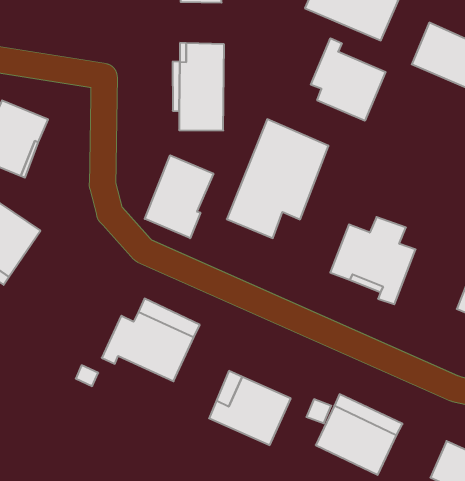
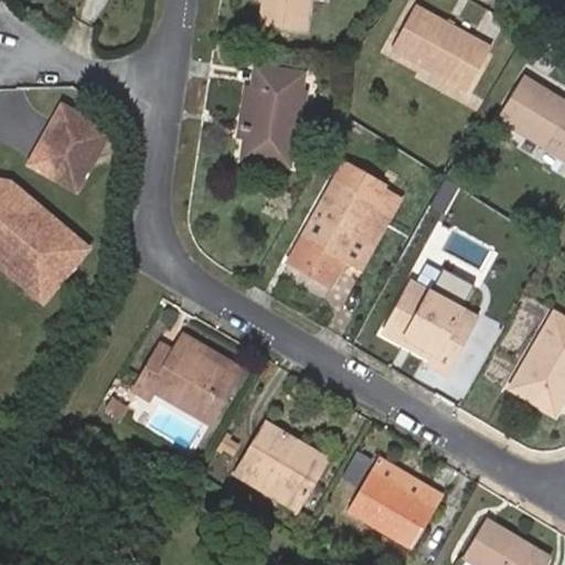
building: [311,38,386,121] -> none
building: [145,155,213,238] -> none

